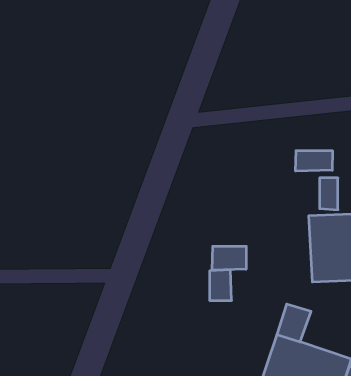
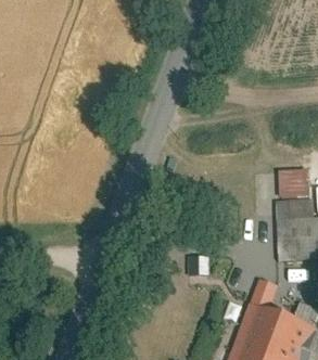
building: [296,151,332,171] -> none
building: [212,246,246,270] -> none

